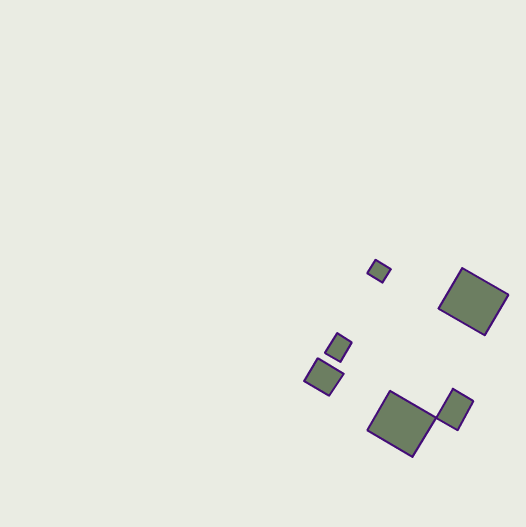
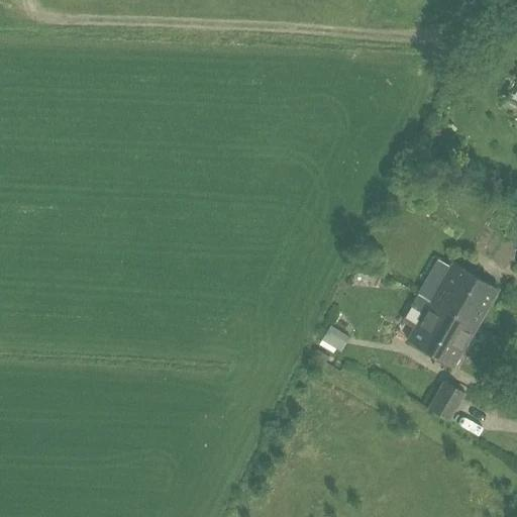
building: [304,358,344,396] -> none
building: [367,391,436,457] -> [407,302,475,367]

